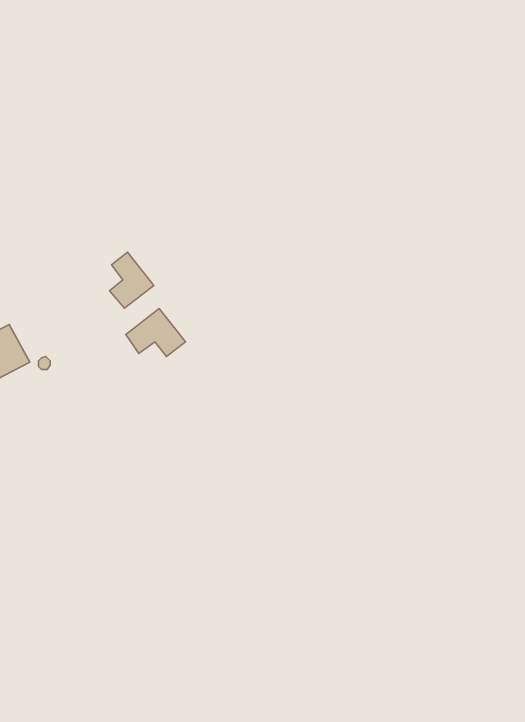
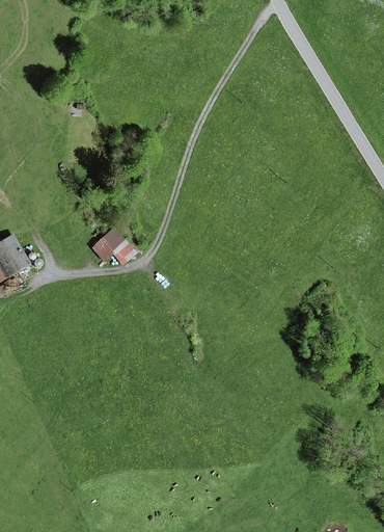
building: [110,252,154,308] -> none

